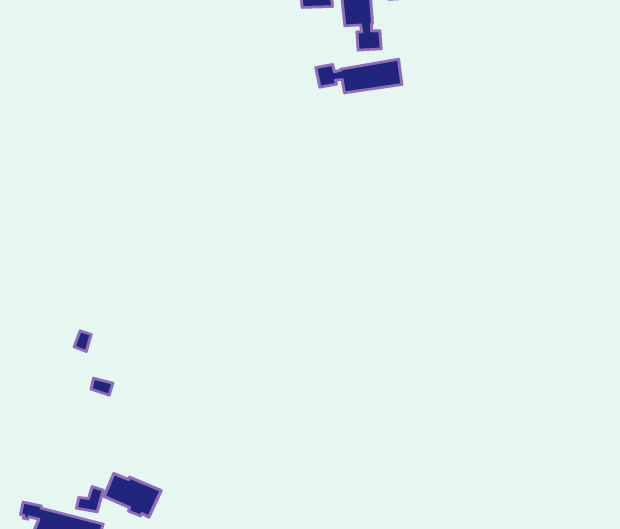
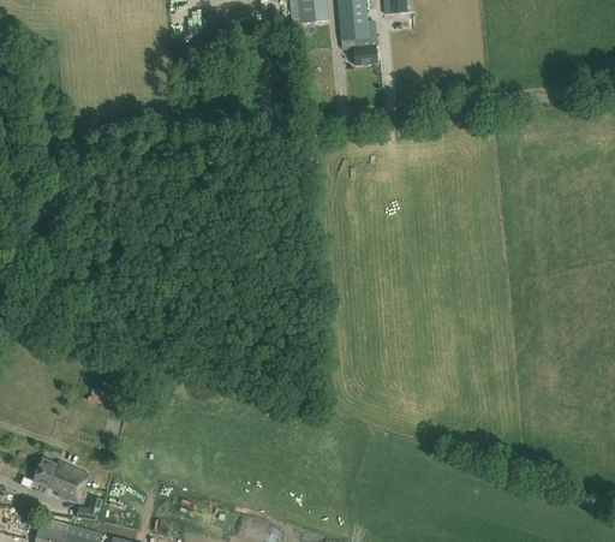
building: [316,59,402,93] -> none
building: [104,473,161,517] -> [32,457,89,500]

